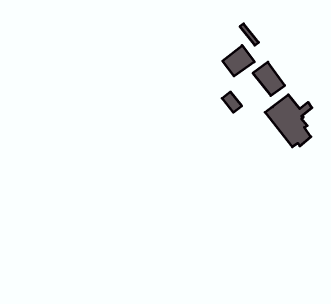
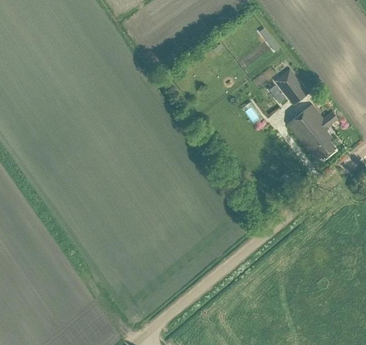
building: [223,45,254,76] -> none

